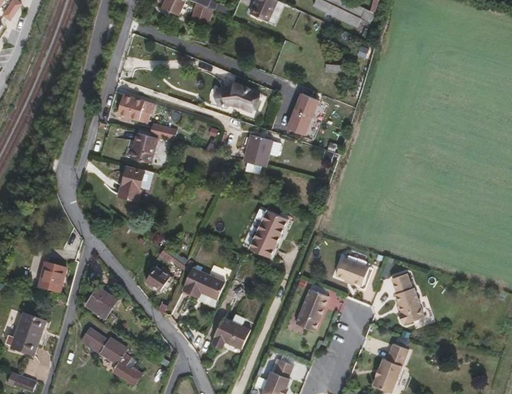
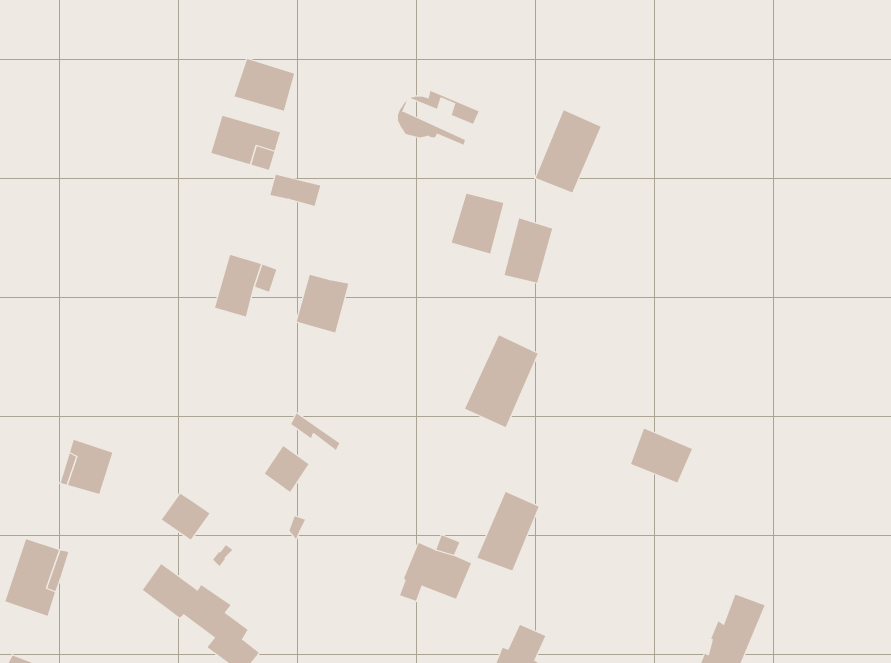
building: none -> [234,58,295,111]
building: [217,84,254,106] -> none
building: [129,132,157,163] -> [296,274,349,333]
building: none -> [504,217,553,284]
building: [182,267,225,301] -> none
building: [391,273,423,326] -> none
building: [294,289,327,331] -> [477,491,540,571]

